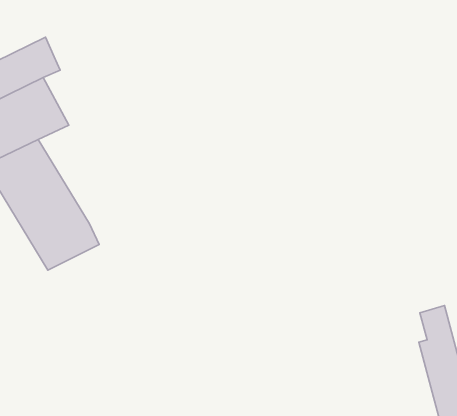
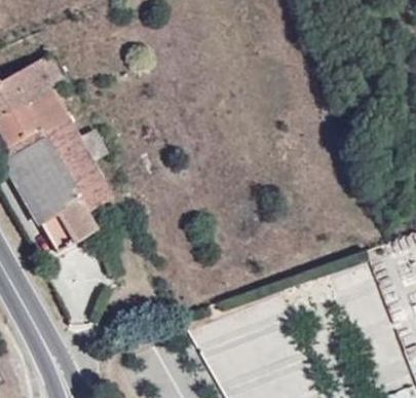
building: none -> [43,126,109,210]

